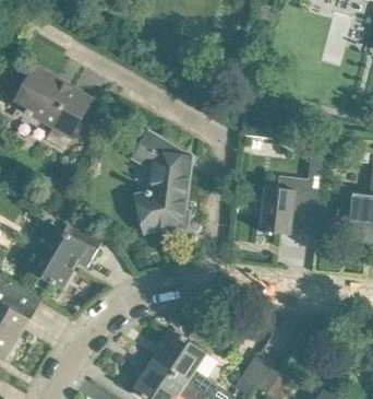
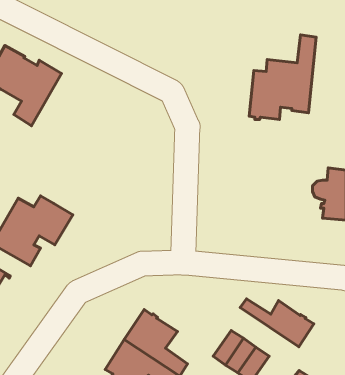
building: [133,132,189,231] -> none
building: [258,152,324,235] -> [249,35,316,119]
building: none -> [240,299,314,347]

